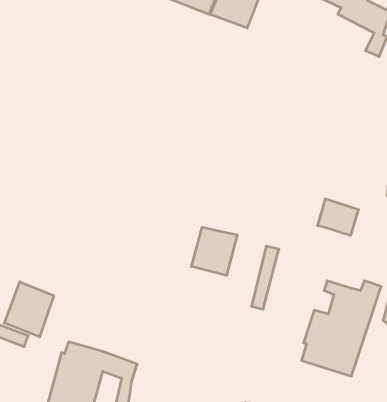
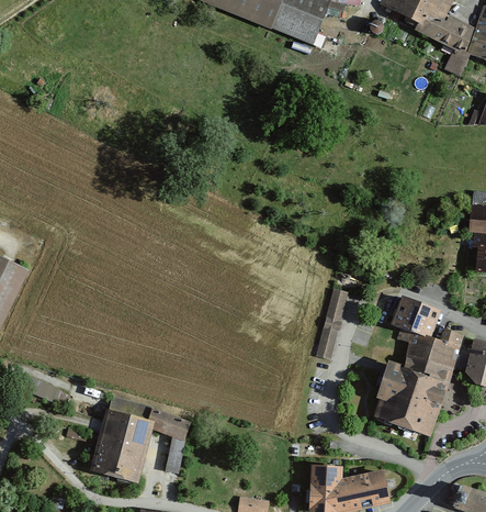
building: [317,199,359,235] -> [392,296,438,336]
building: [191,227,237,275] -> none
building: [4,282,54,337] -> none

